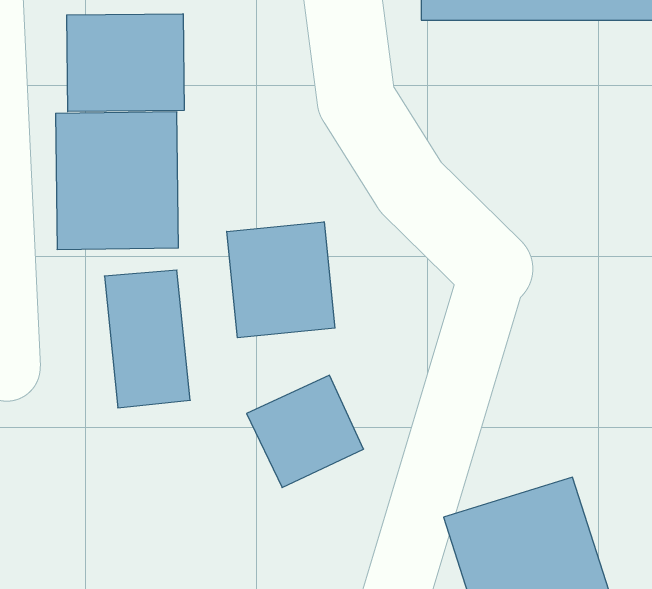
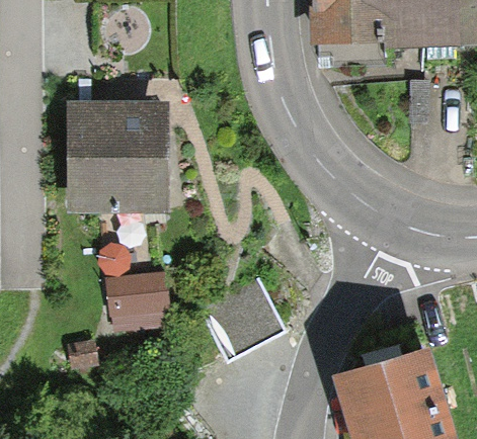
building: [67,14,184,112] -> none
building: [227,222,335,338] -> none

